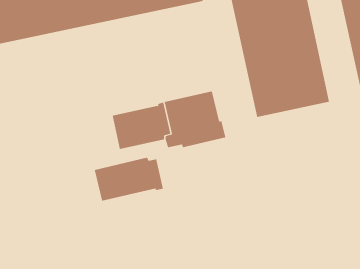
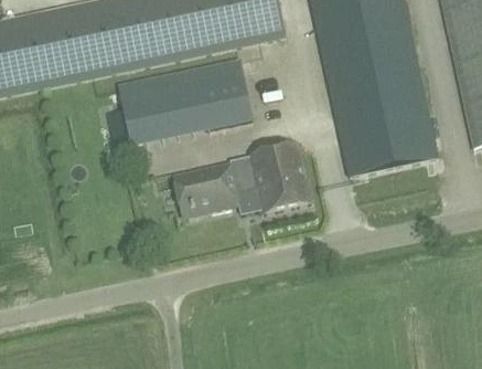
building: none -> [117,59,253,148]
building: [94,157,163,202] -> none

